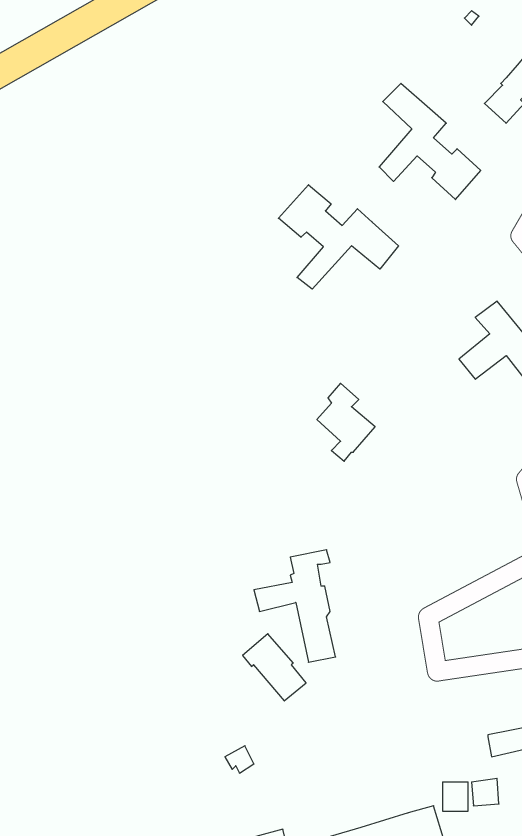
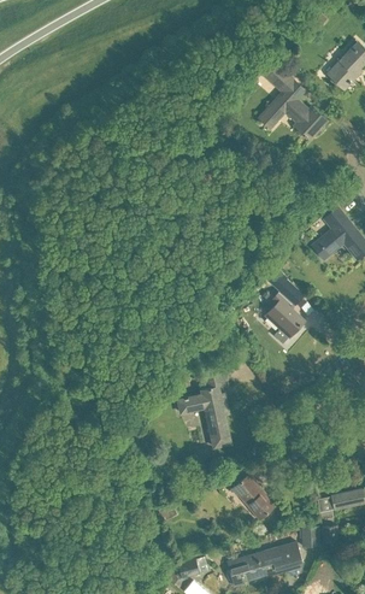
building: [278,185,399,289] -> none
building: [317,383,375,461] -> [265,290,304,342]
building: [243,634,306,701] -> [231,475,273,519]

